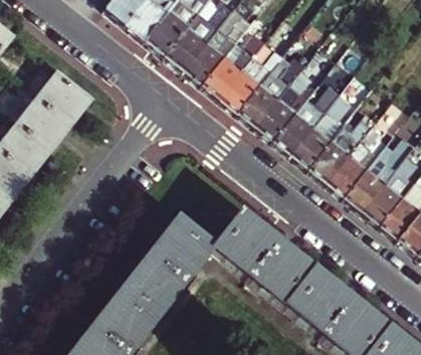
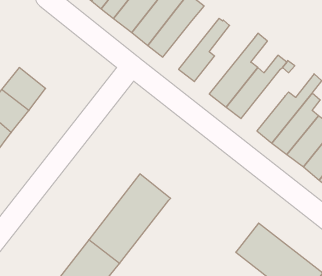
building: [203,31,267,97] -> none
building: [239,51,308,125] -> none
building: [39,70,89,119] -> none
building: [292,97,349,167] -> none
building: [210,213,312,306] -> none

